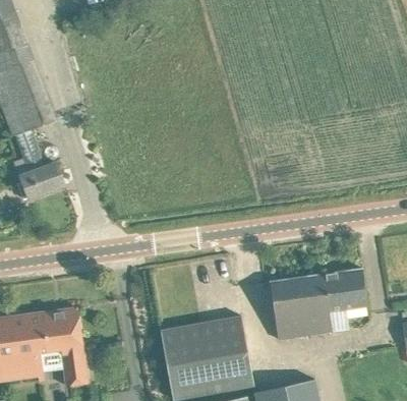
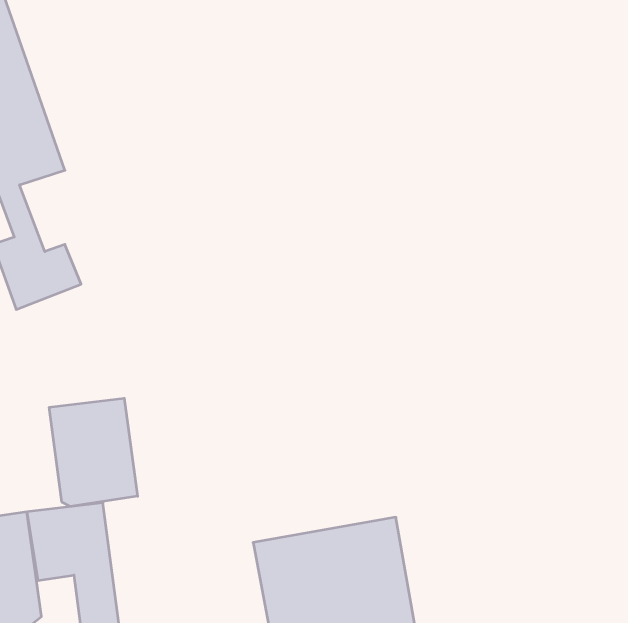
building: none -> [49,398,138,506]
building: [269,269,366,340] -> none

